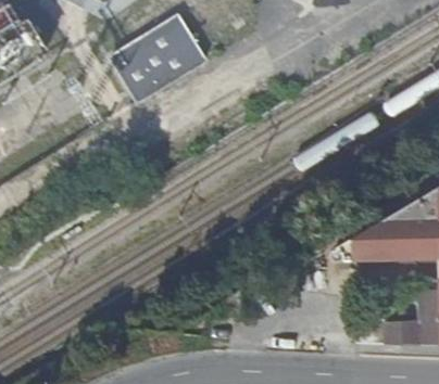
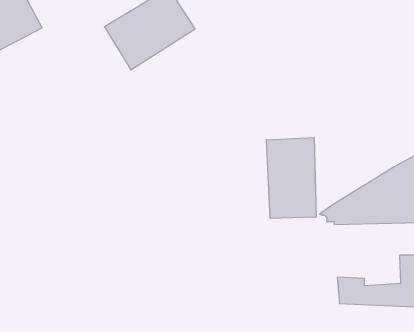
building: none -> [266,137,316,218]

